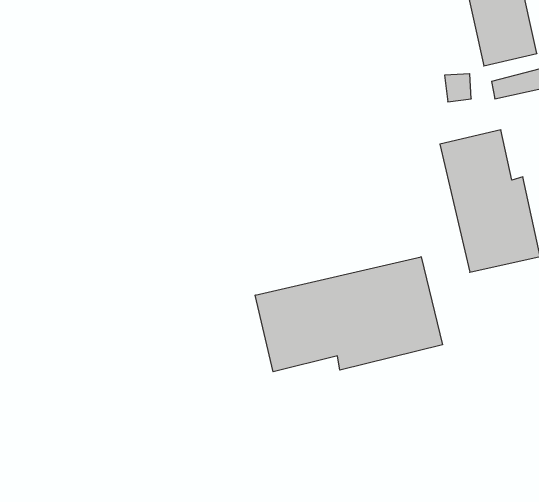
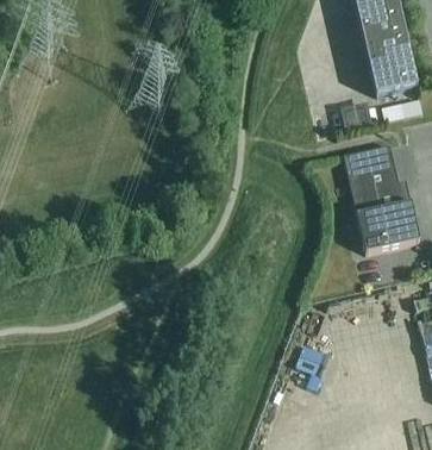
building: [255,257,442,372] -> none

